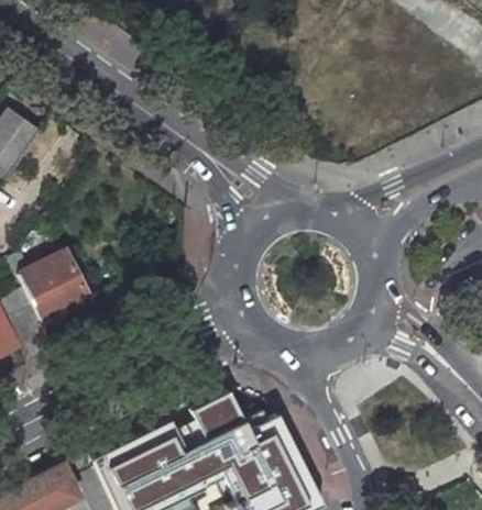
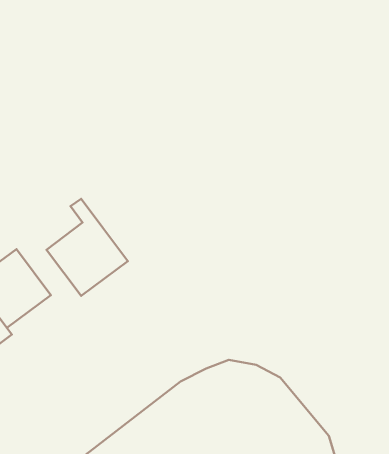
building: none -> [47,199,128,296]

